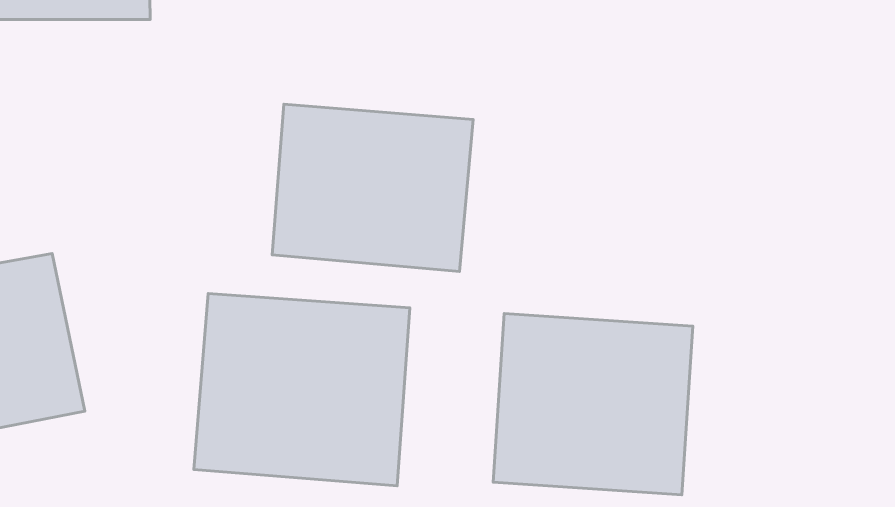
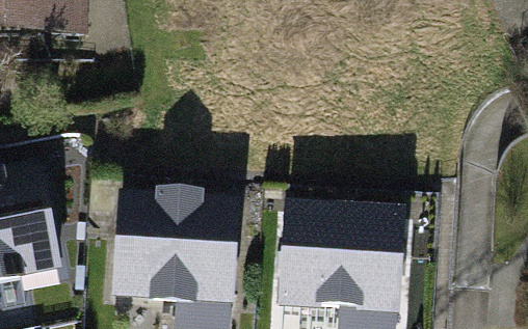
building: [272,104,473,271] -> none

